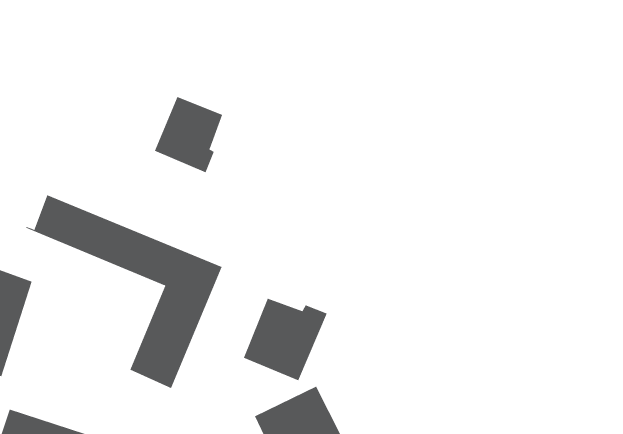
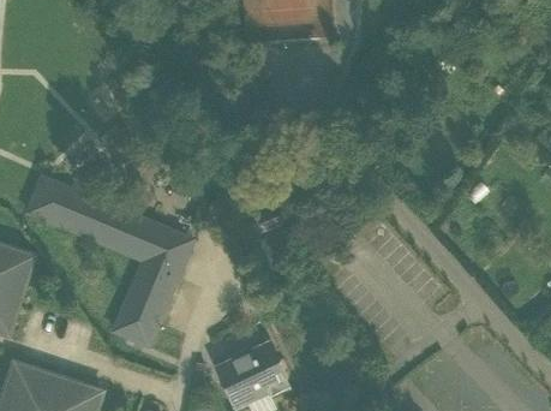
building: [154,96,223,173] -> none
building: [243,298,327,381] -> none

